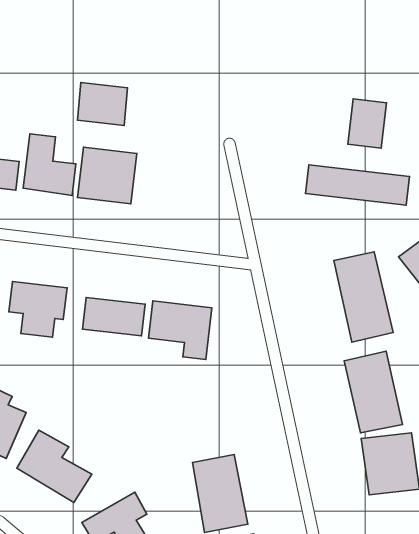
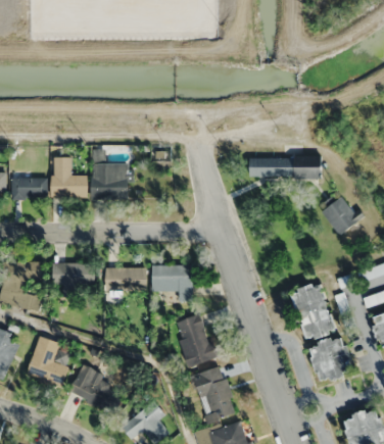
building: [77,82,127,126] -> none
building: [348,99,386,148] -> none
building: [334,252,393,342] -> none
building: none -> [174,314,219,366]

